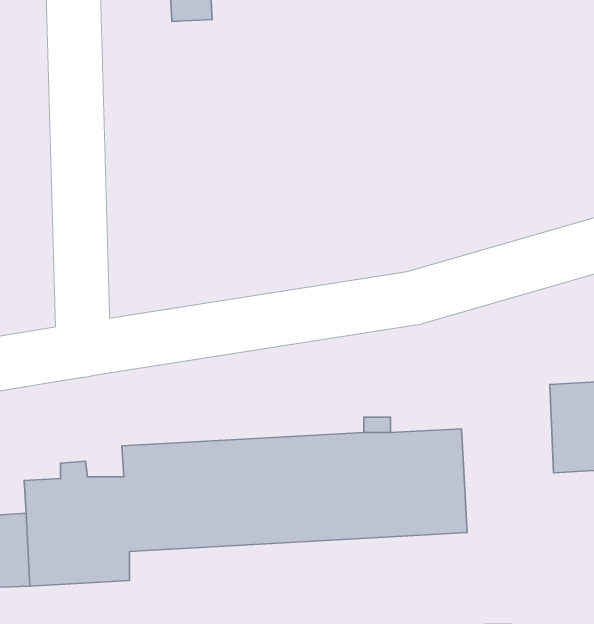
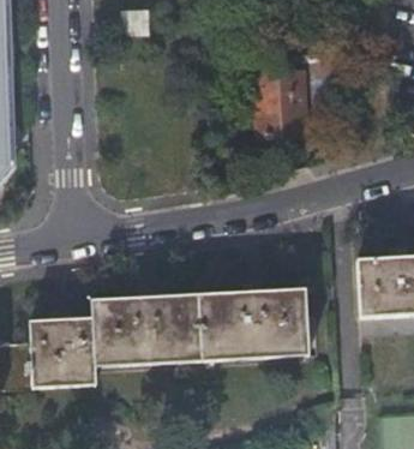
building: none -> [246,74,306,138]

